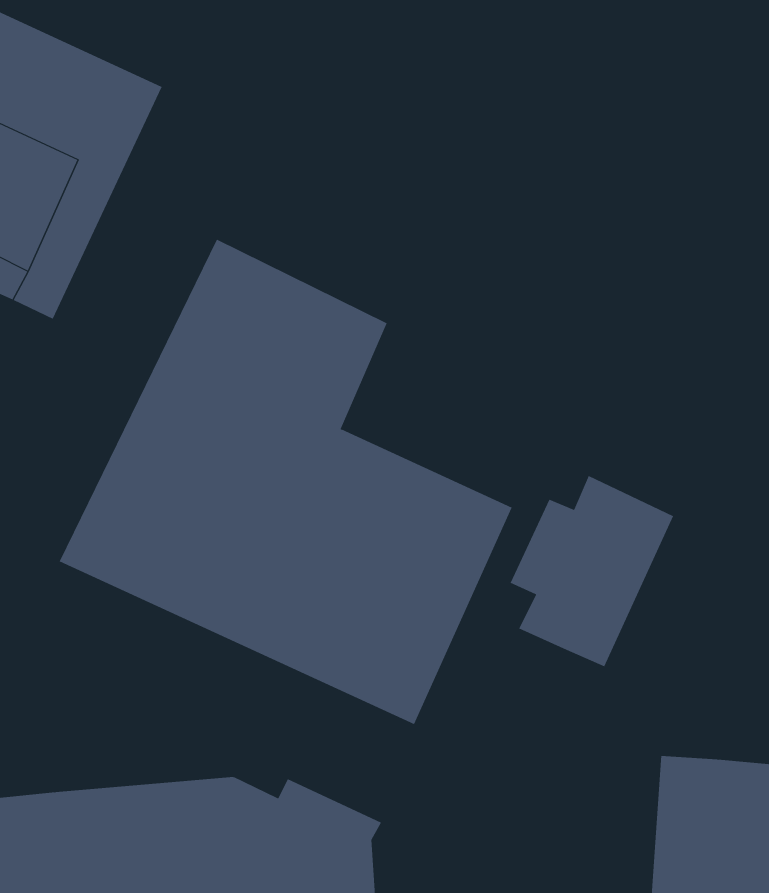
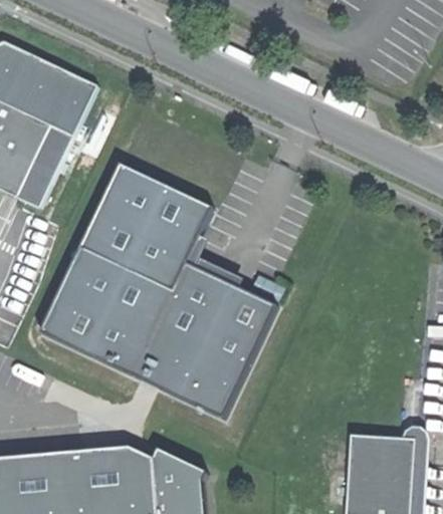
building: [510,475,674,667] -> none

